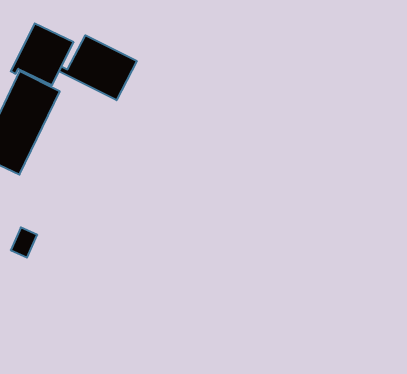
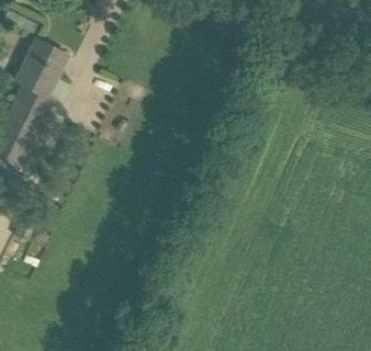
building: [59,35,137,100] -> none

